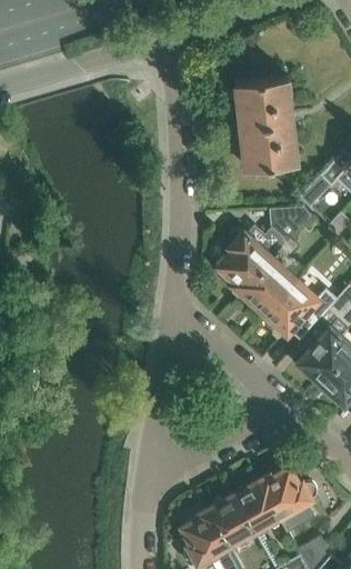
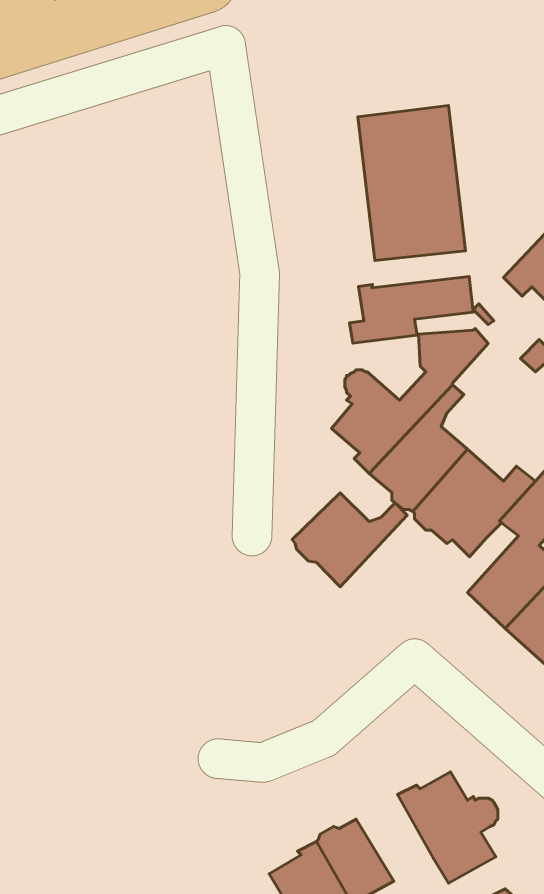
building: none -> [350,276,473,343]
building: none -> [292,493,407,587]
building: [232,481,278,532] -> none

